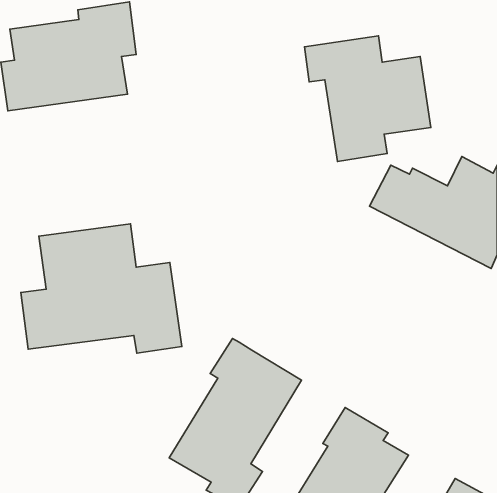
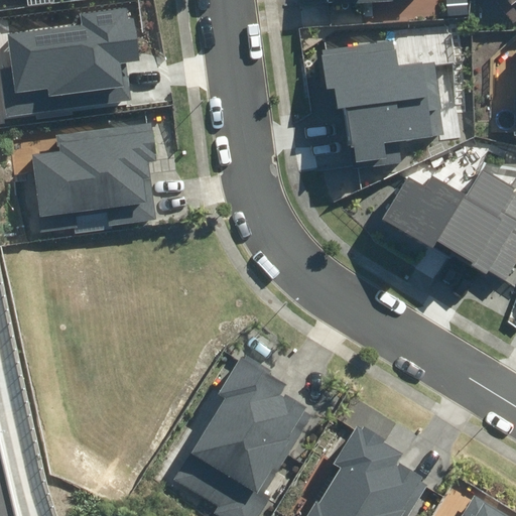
building: none -> [33,121,157,236]
building: [21,224,182,353] -> none

